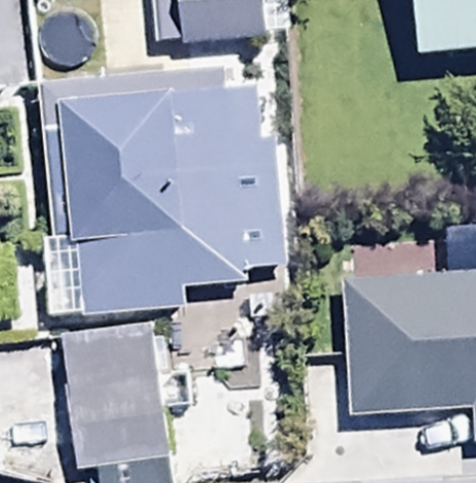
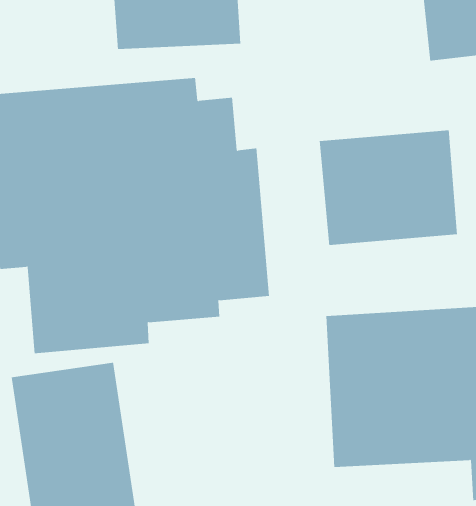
building: none -> [319,129,458,246]

